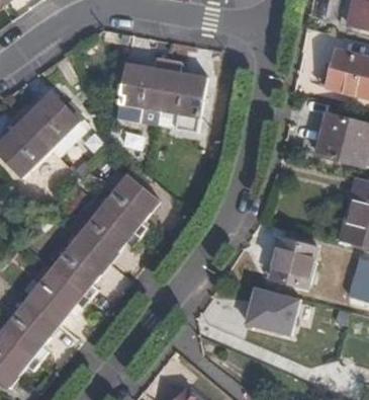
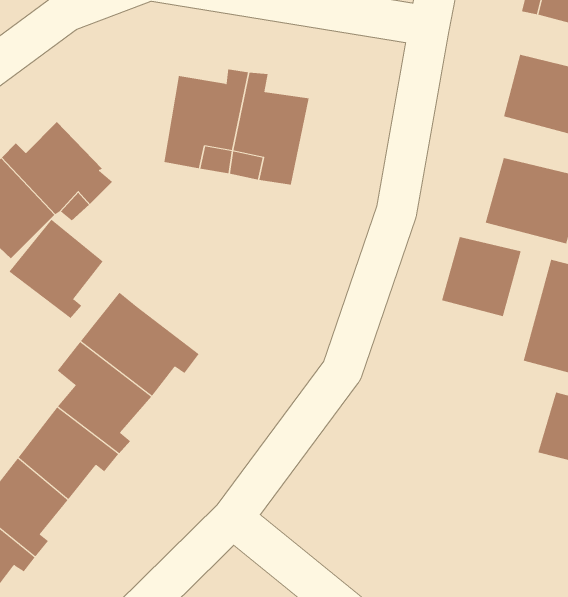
building: [100,173,159,235] -> [8,219,104,319]
building: [269,238,318,288] -> [441,236,521,317]
building: [245,288,304,340] -> none

